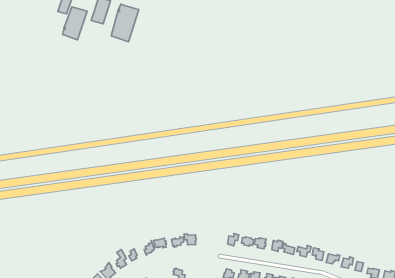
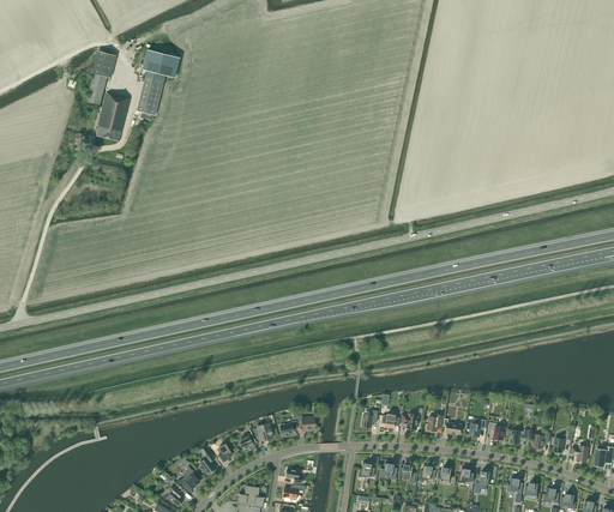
building: [111,4,139,42] -> none

